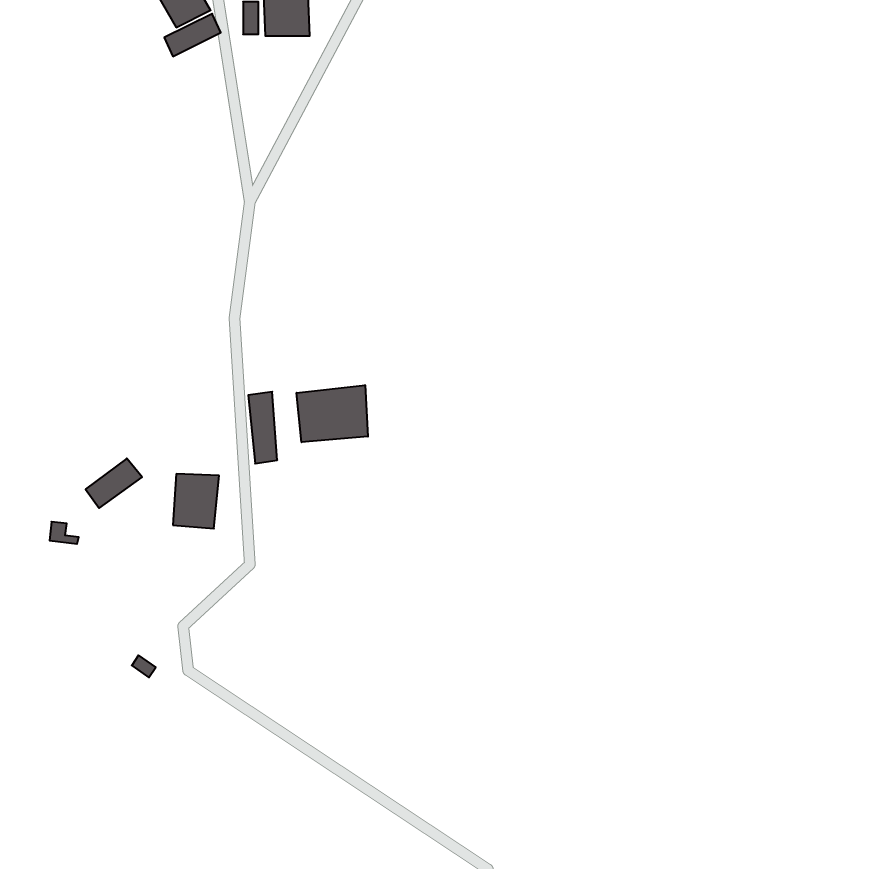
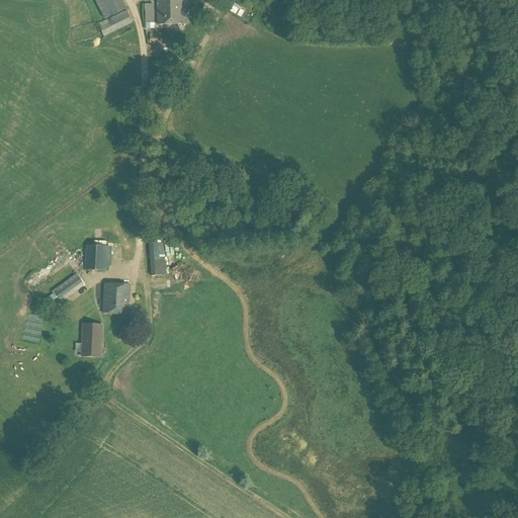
building: [297,385,368,442] -> none
building: none -> [84,243,110,269]
building: none -> [81,322,101,354]

